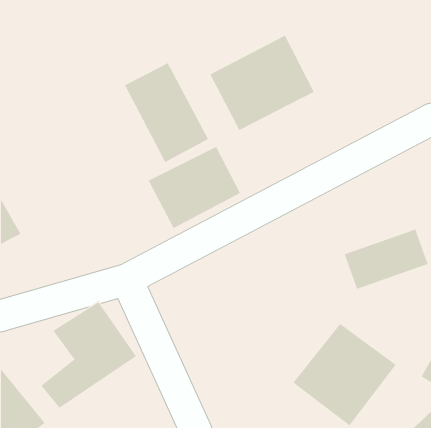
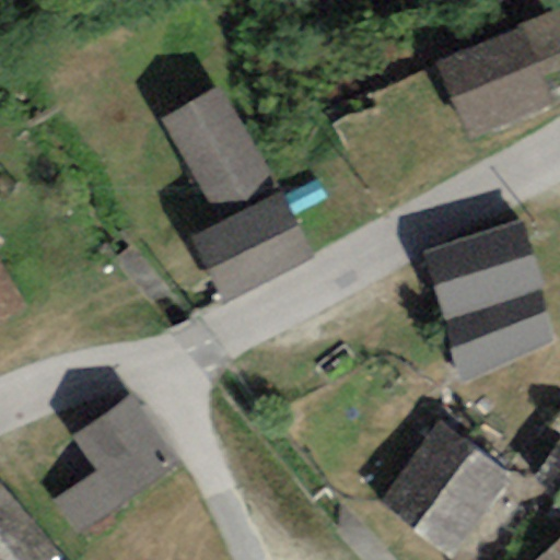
building: none -> [438,22,552,135]
building: [209,35,314,131] -> none
building: none -> [422,218,544,319]

